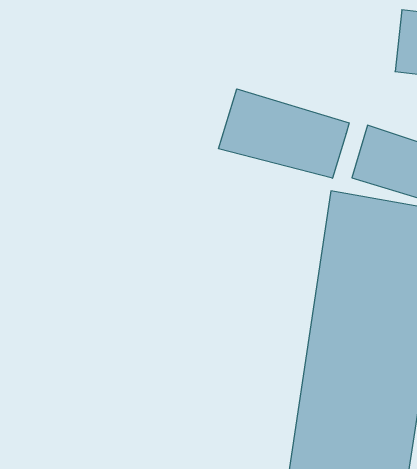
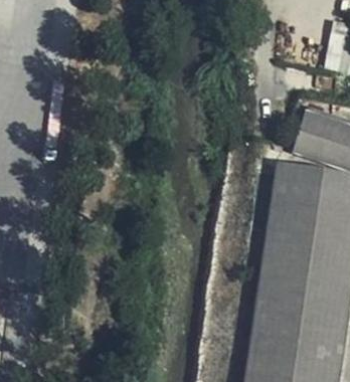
building: [219,89,349,178] -> none

